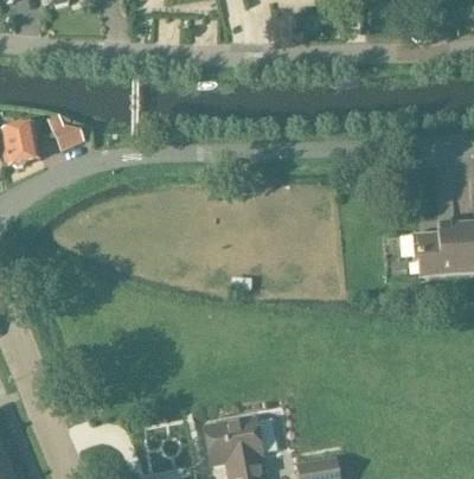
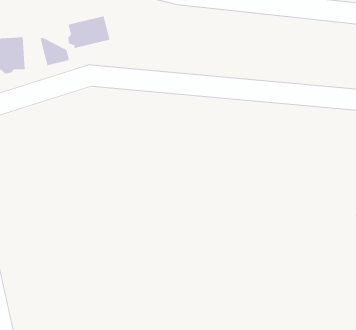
building: none -> [68,16,110,49]

